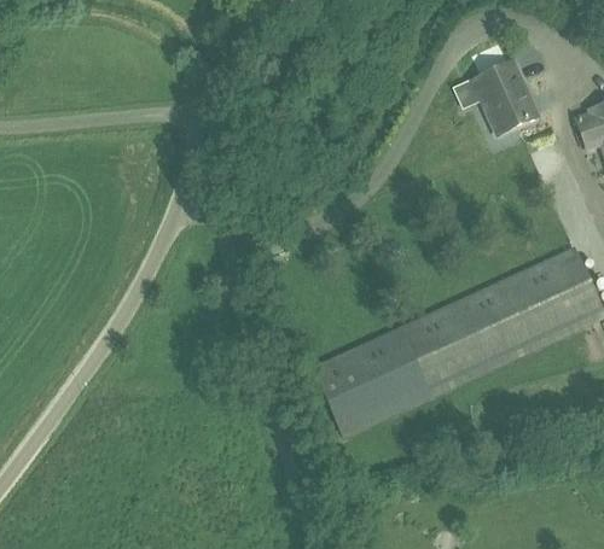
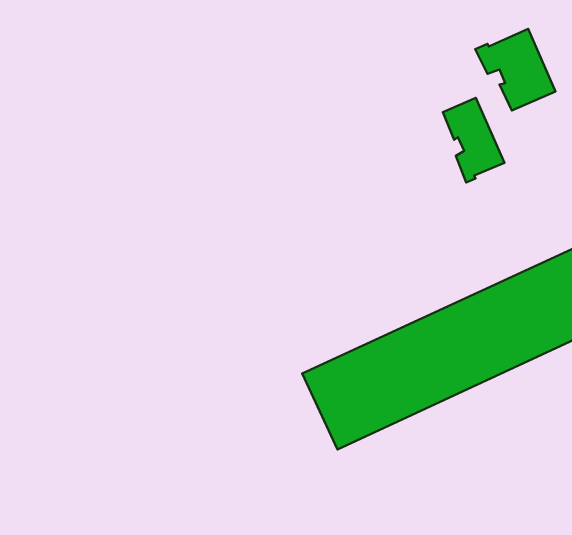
building: none -> [443,98,505,182]

